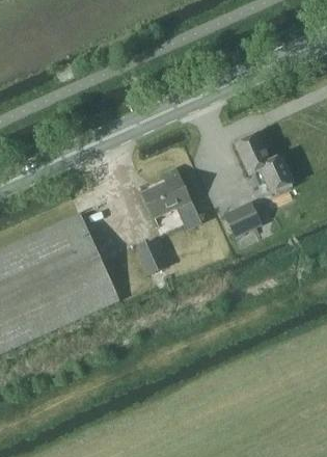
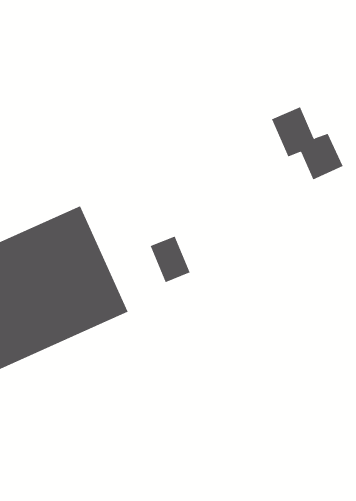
building: [143,169,201,231] -> none
building: [225,204,263,237] -> none

